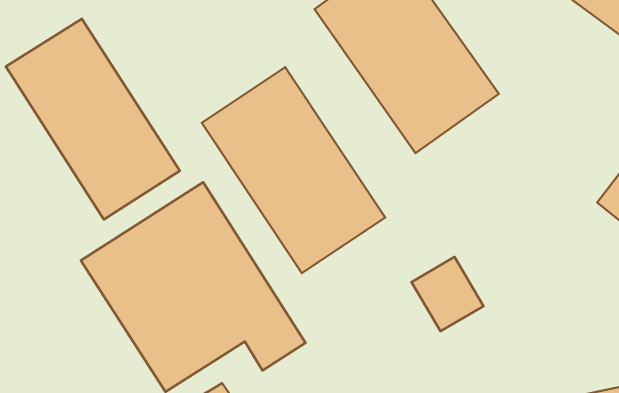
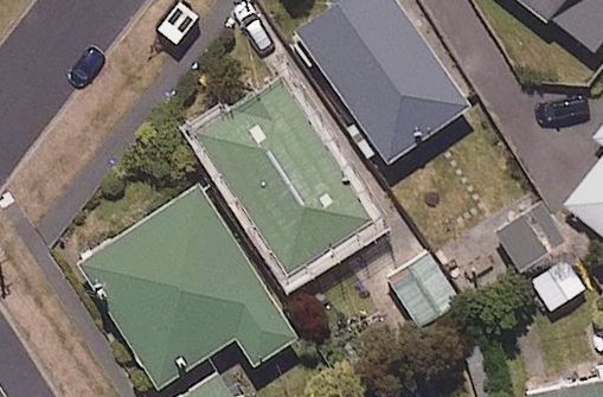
building: [6,19,180,219] -> none

